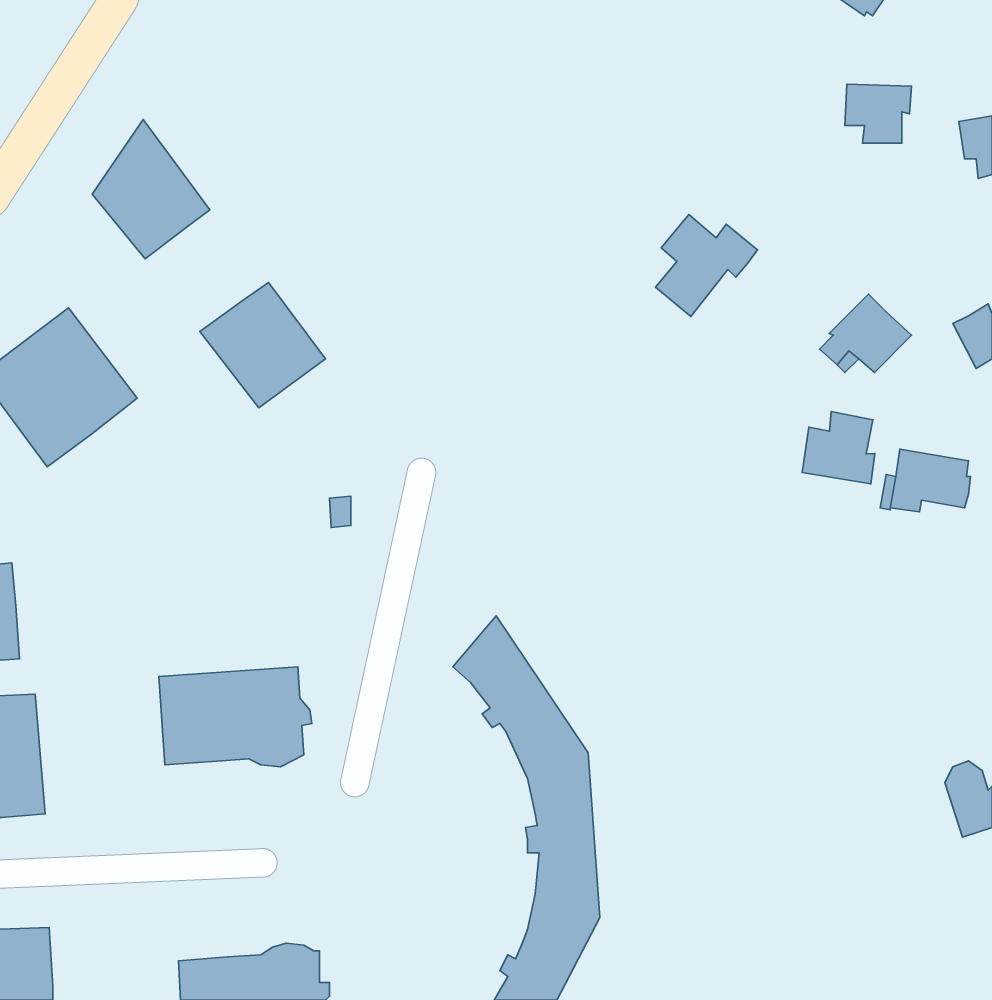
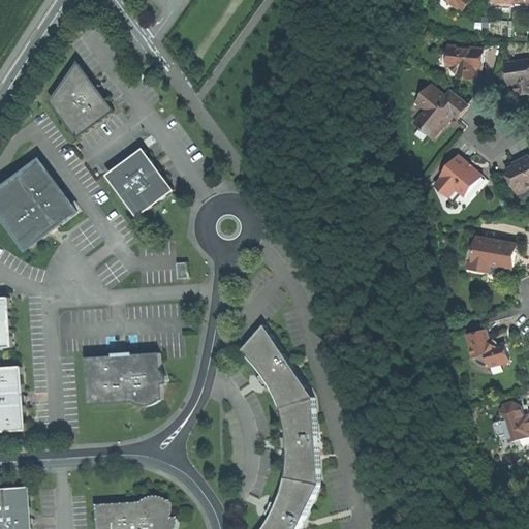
building: [655,214,757,316] -> [411,85,465,138]
building: [802,412,875,484] -> none
building: none -> [465,330,505,366]

